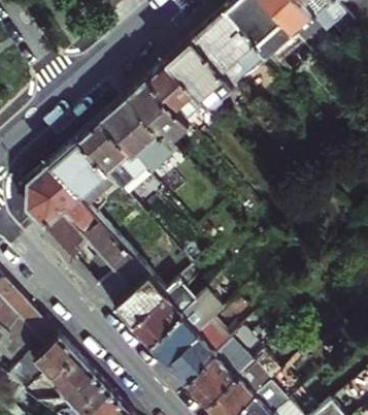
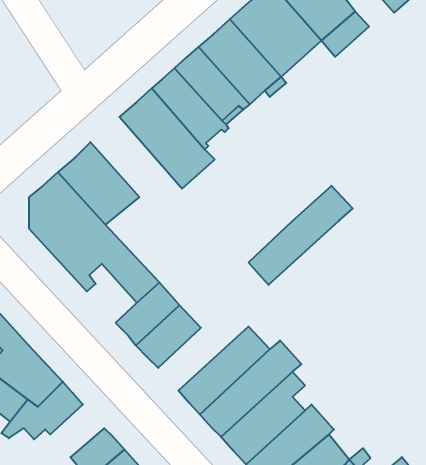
building: [76,120,150,198] -> none
building: [132,263,218,345] -> [249,186,353,285]
building: [30,356,88,402] -> none

